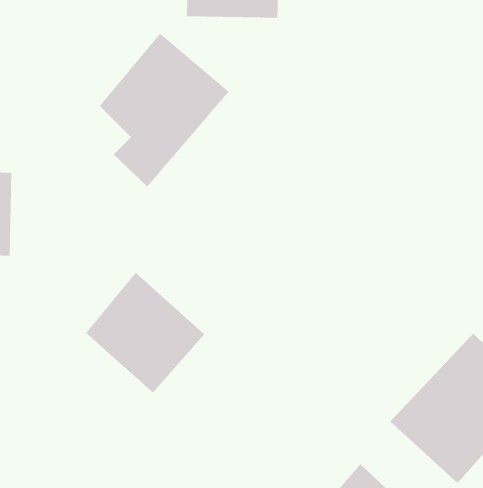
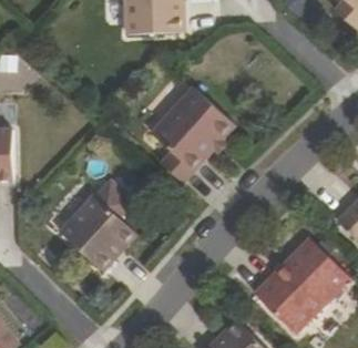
building: [99,33,229,187] -> [164,81,247,180]

